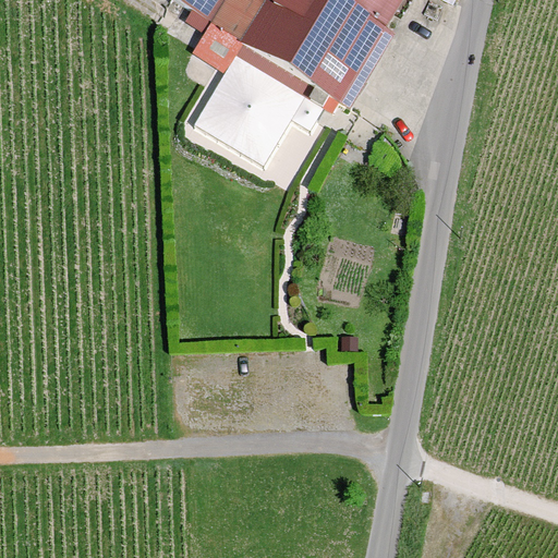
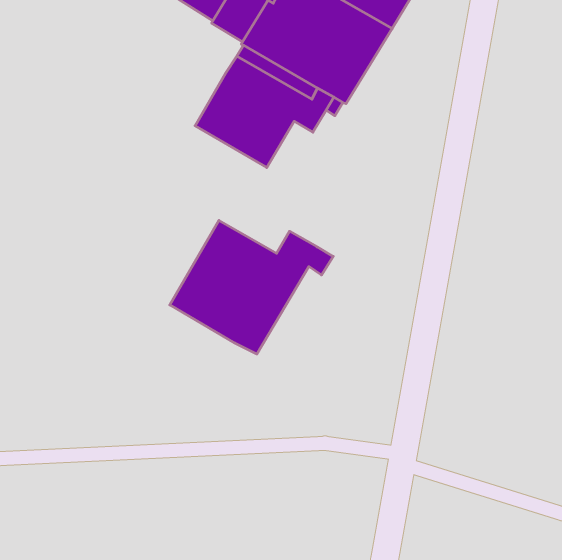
building: [192,23,241,72] -> none
building: none -> [170,220,333,354]

